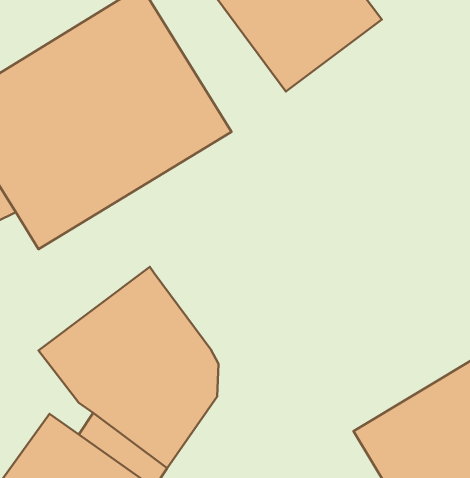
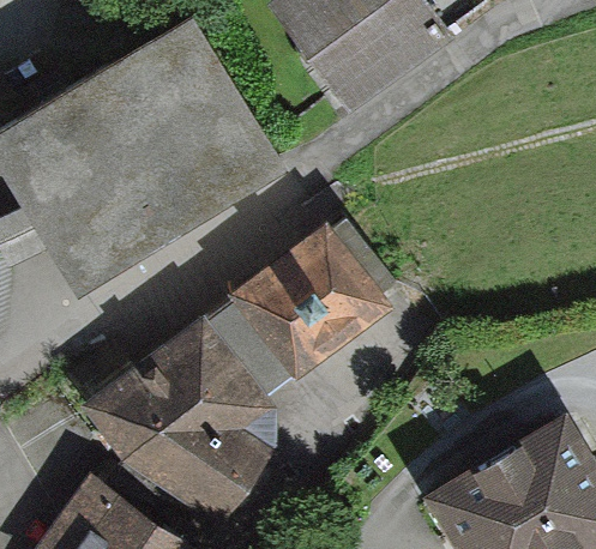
building: none -> [205,218,398,405]

